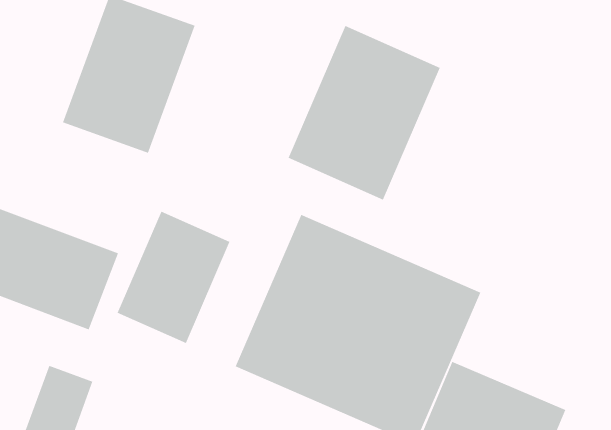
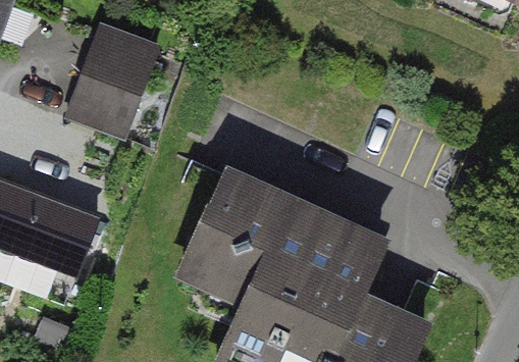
building: [288,25,441,200] -> none
building: [117,211,230,344] -> none

